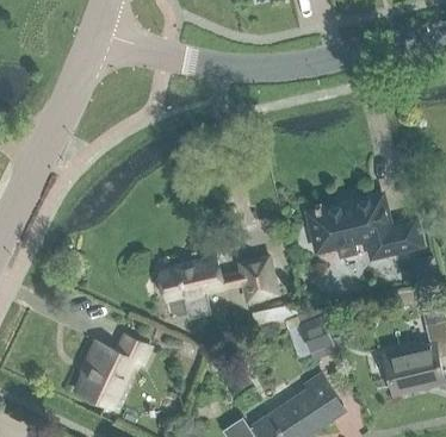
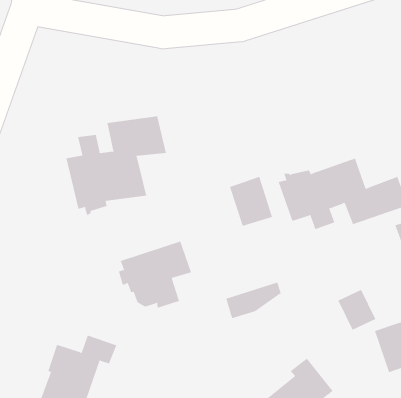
building: none -> [66,115,166,216]
building: [240,257,277,301] -> [229,176,273,226]
building: [299,317,333,354] -> [338,289,376,331]

